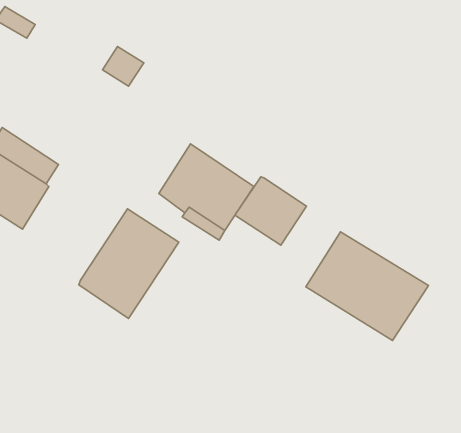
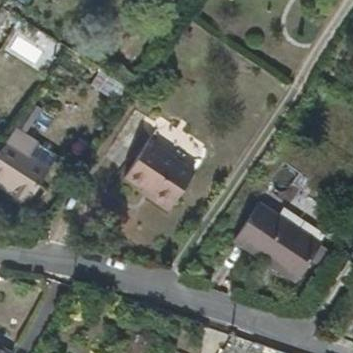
building: [235,177,306,245] -> none
building: [79,209,179,319] -> none

